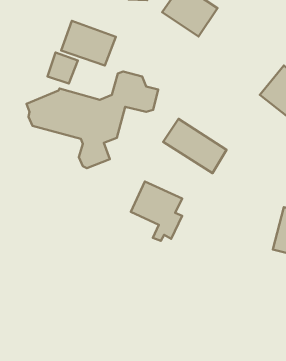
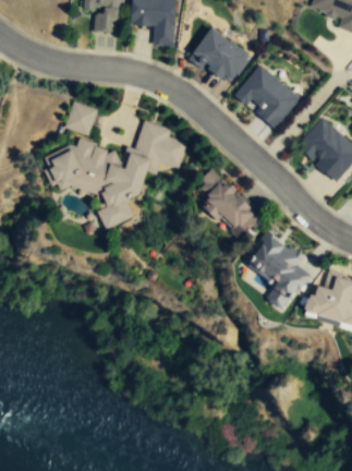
building: none -> [239,68,302,129]
building: [61,21,116,66] -> none
building: [131,182,182,241] -> [250,235,305,300]

